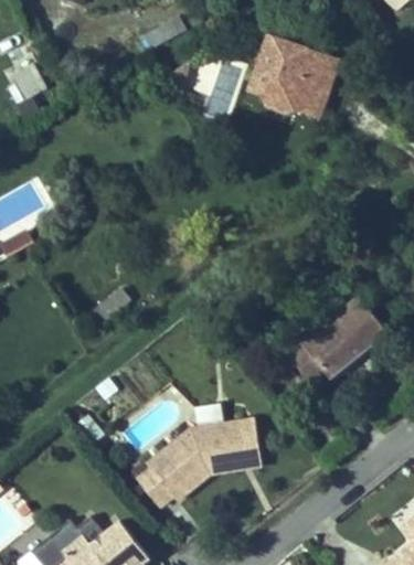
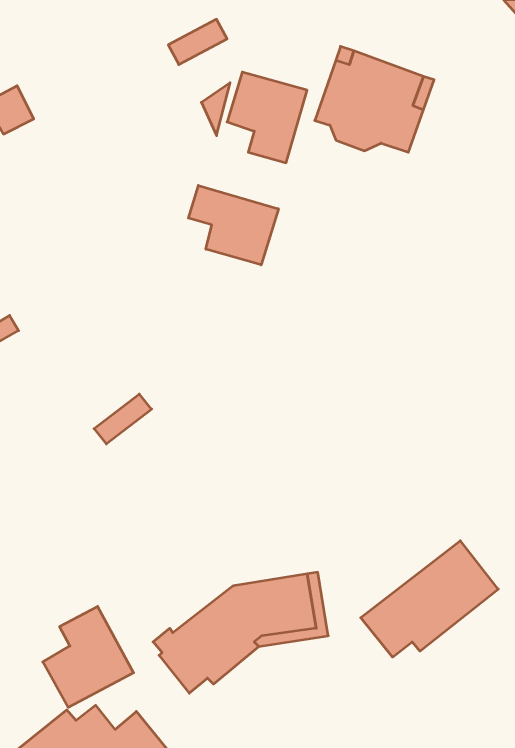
building: none -> [188,185,278,265]
building: [286,297,386,382] -> [361,541,498,657]
building: none -> [43,606,134,707]

